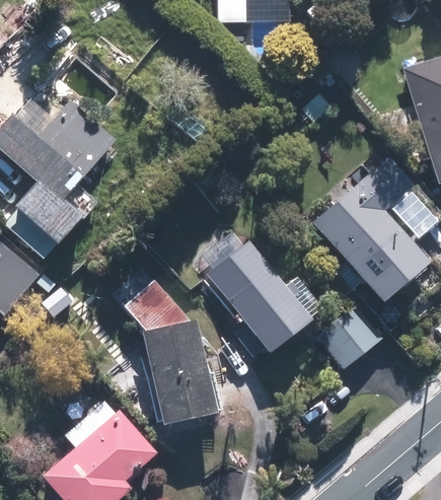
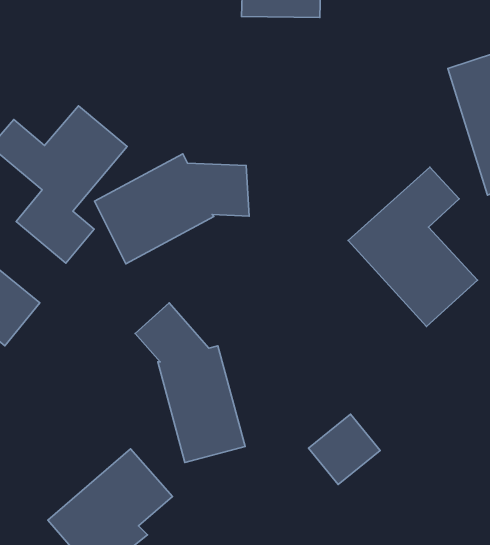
building: none -> [95,154,249,264]
building: [208,240,314,353] -> none
building: [316,306,380,369] -> [309,414,380,485]

